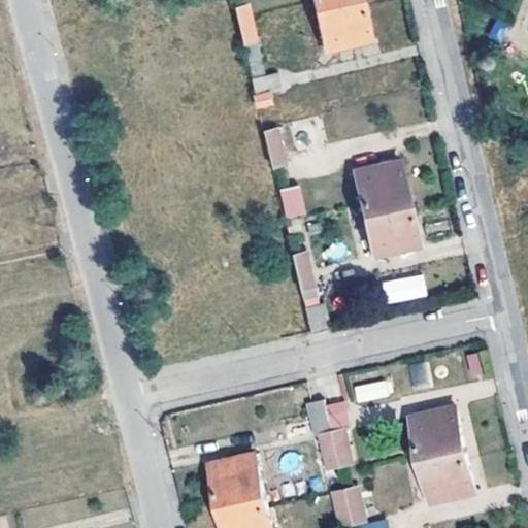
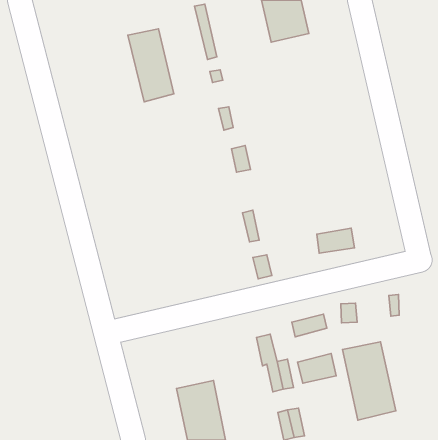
building: none -> [128,29,174,102]
building: [354,160,418,256] -> none
building: none -> [297,354,336,383]

